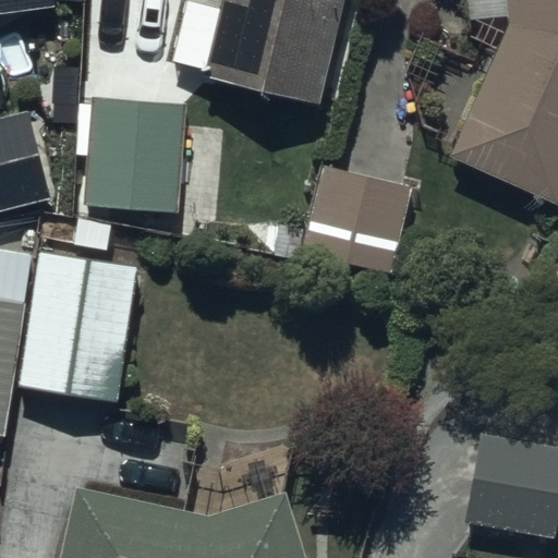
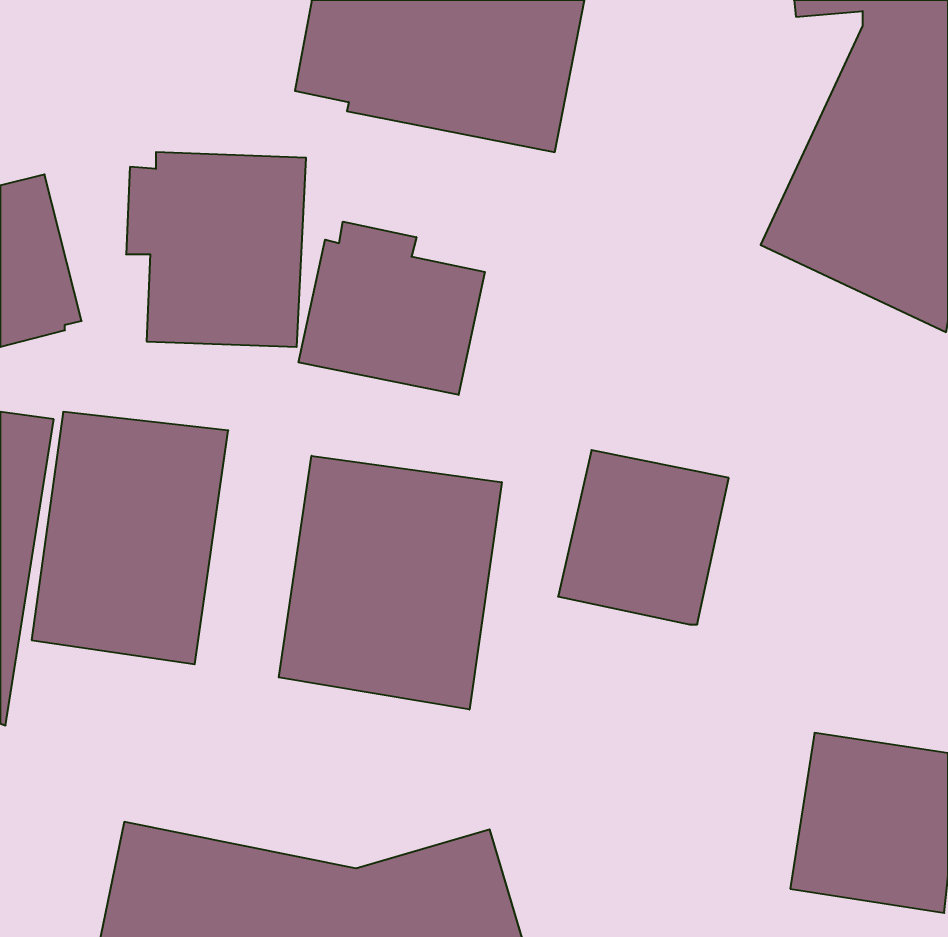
building: none -> [299,222,485,395]
building: [311,169,411,271] -> [558,450,729,624]
building: none -> [279,456,502,710]

